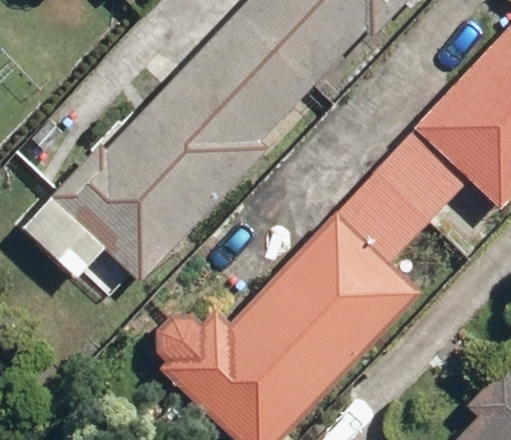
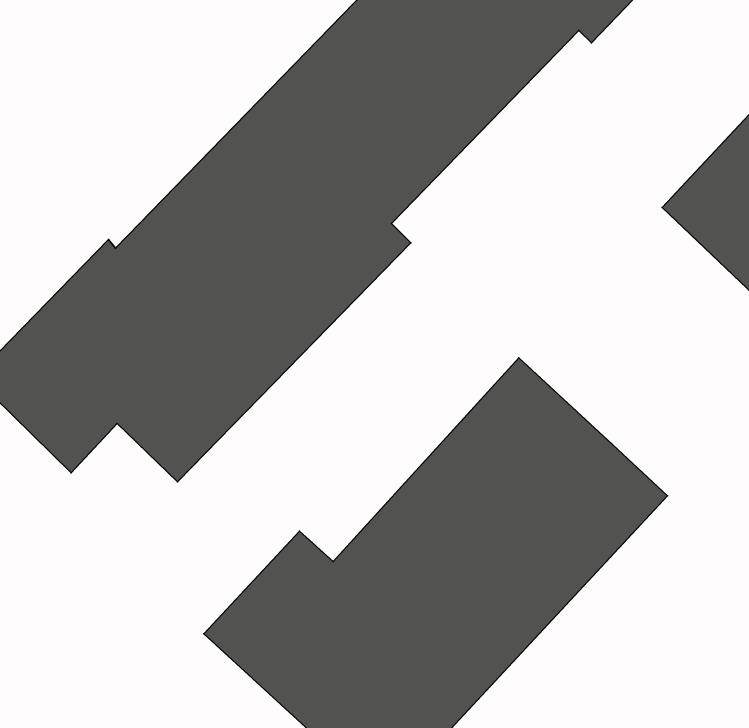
building: [336,131,463,258] -> none

